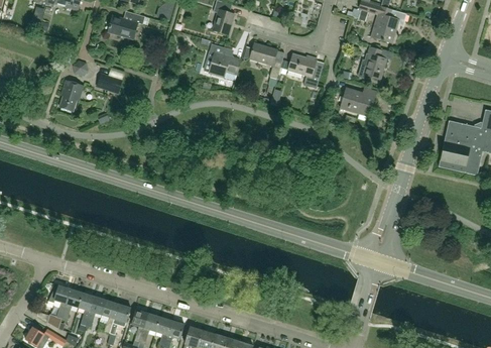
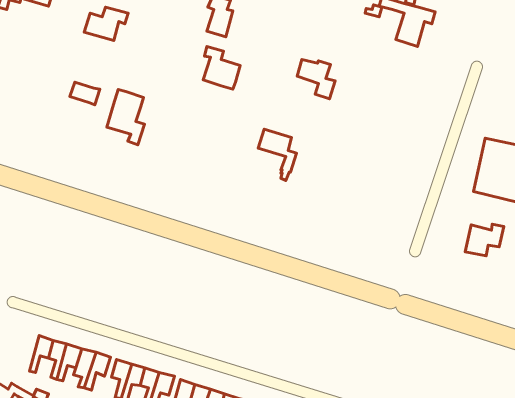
building: [250,42,282,86] -> [258,129,296,180]
building: [358,47,386,80] -> none
building: [60,79,85,111] -> none
building: none -> [107,89,145,145]
building: [340,88,376,117] -> none
building: none -> [465,224,504,256]
building: [47,285,71,330] -> none

